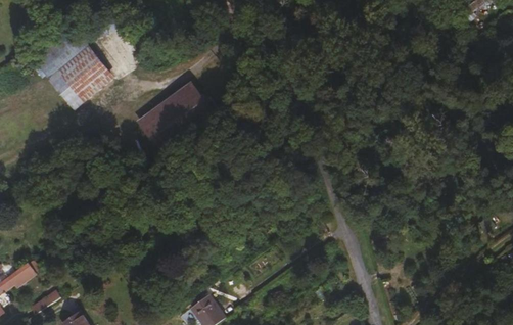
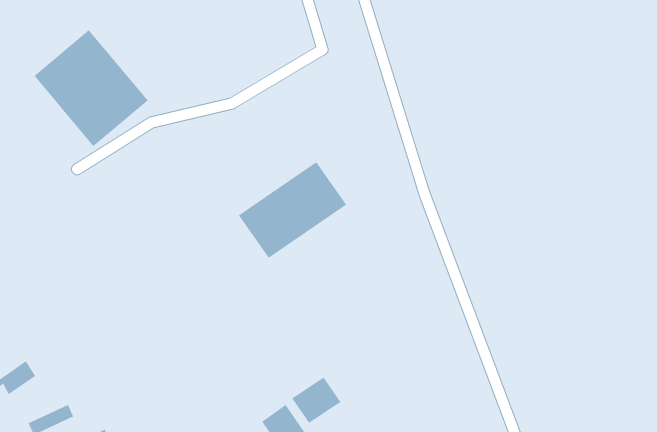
building: [135,84,212,152] -> [238,161,347,259]
building: none -> [291,376,342,424]

